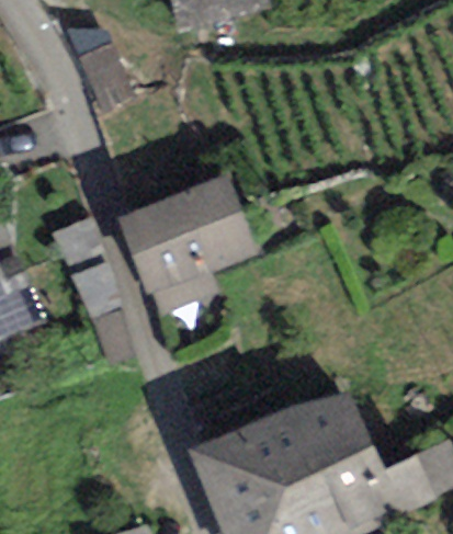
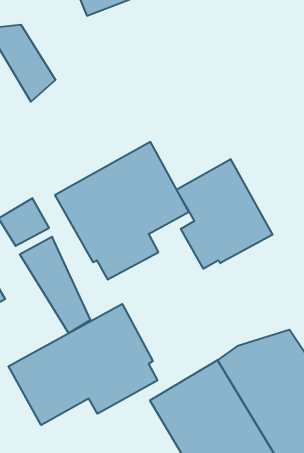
building: none -> [177,159,273,269]
building: none -> [8,304,157,425]

